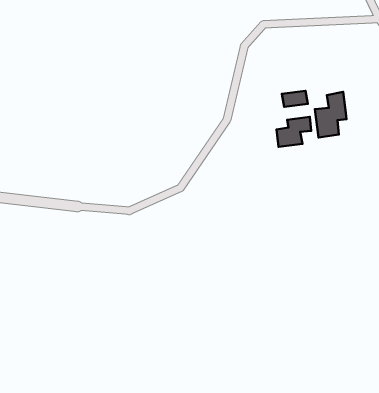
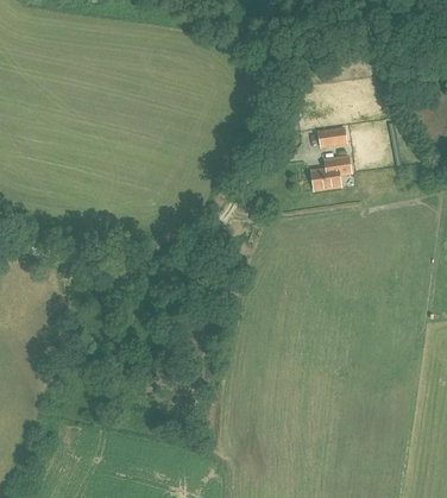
building: [315,92,347,138] -> none

